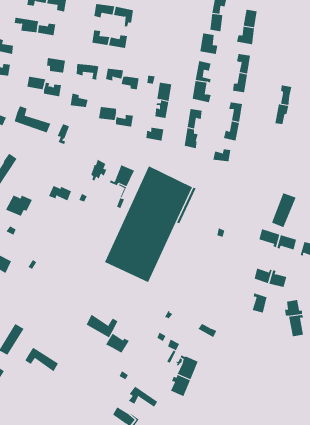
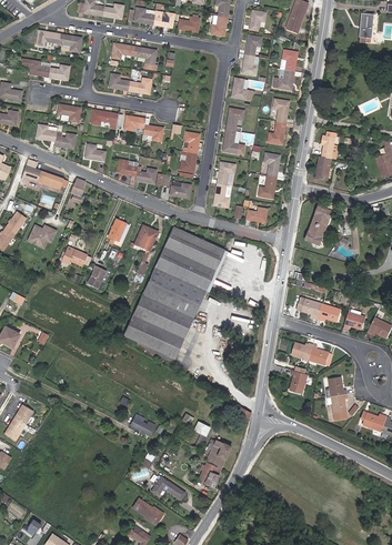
building: [271,192,297,228] -> [305,205,334,245]
building: [5,195,33,217] -> [26,224,57,249]
building: [86,314,118,338] -> none
building: [25,347,59,372] -> none

